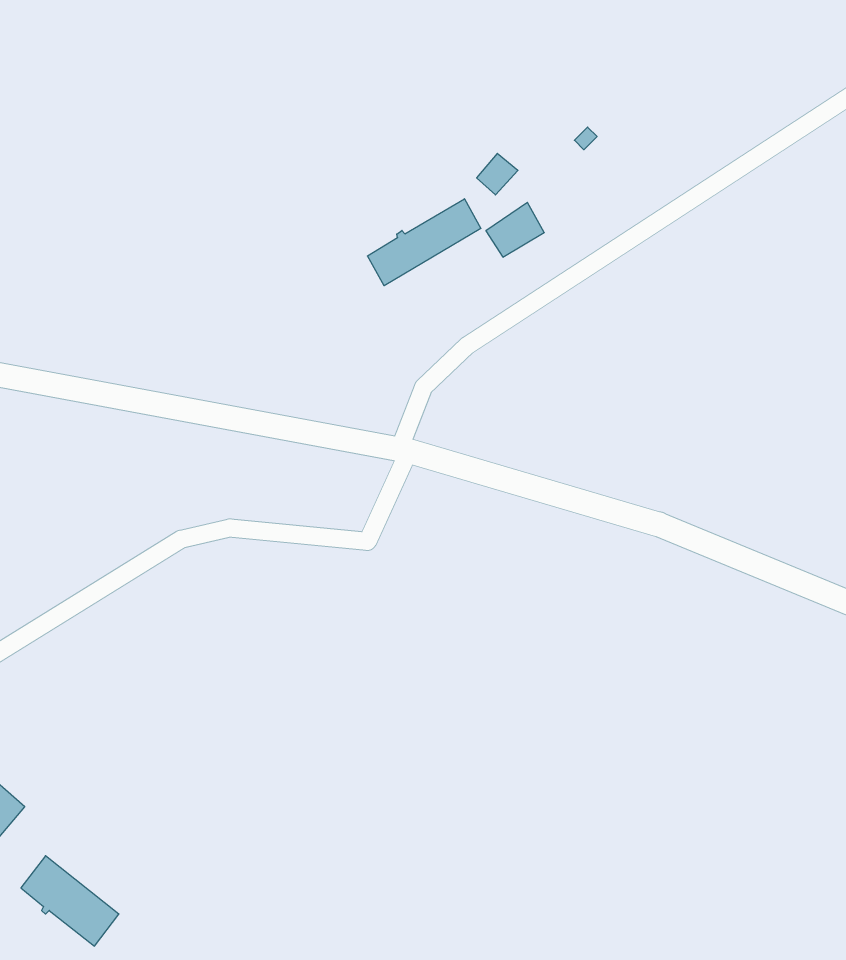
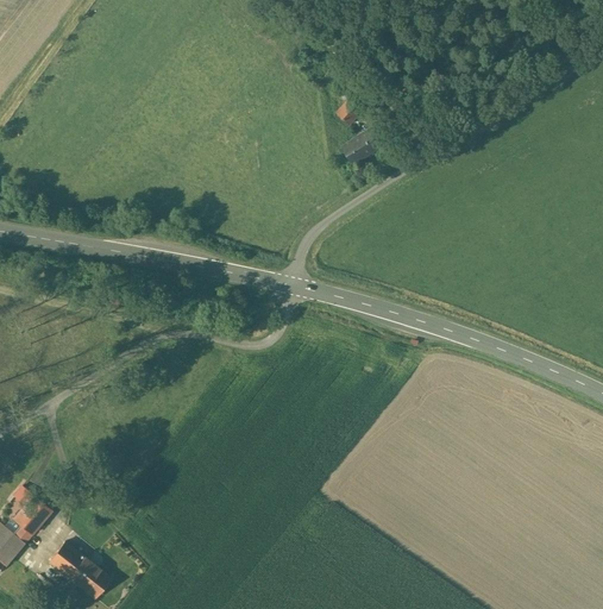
building: [367,199,481,286] -> none

